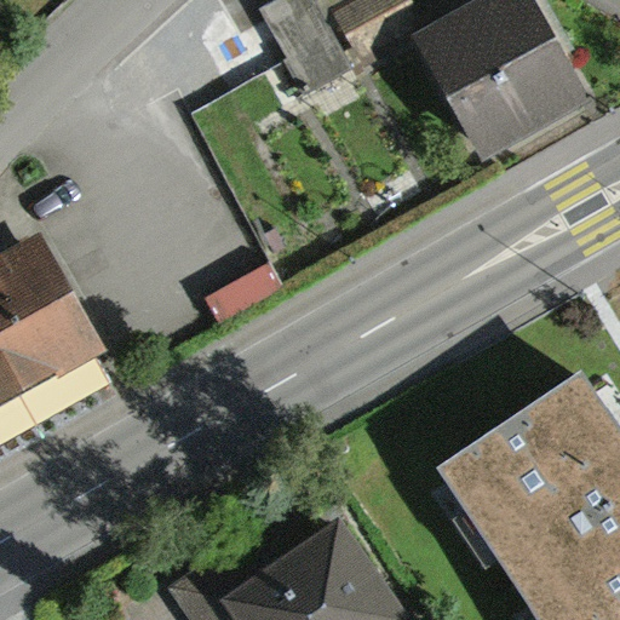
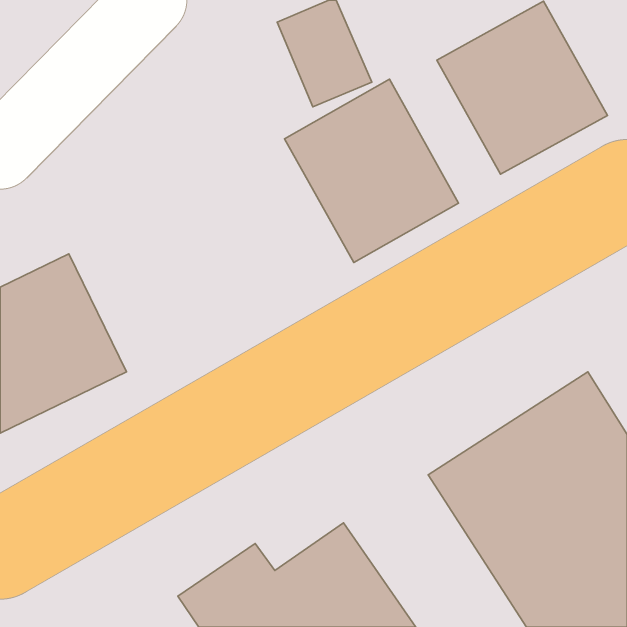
building: none -> [285,79,459,263]

